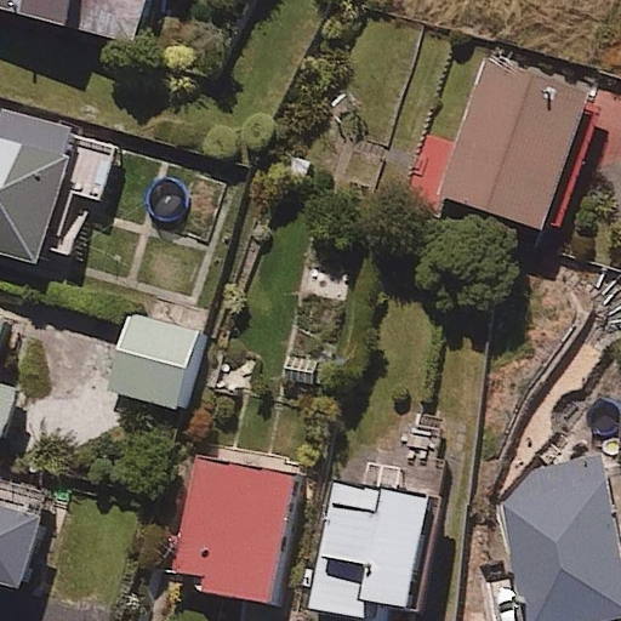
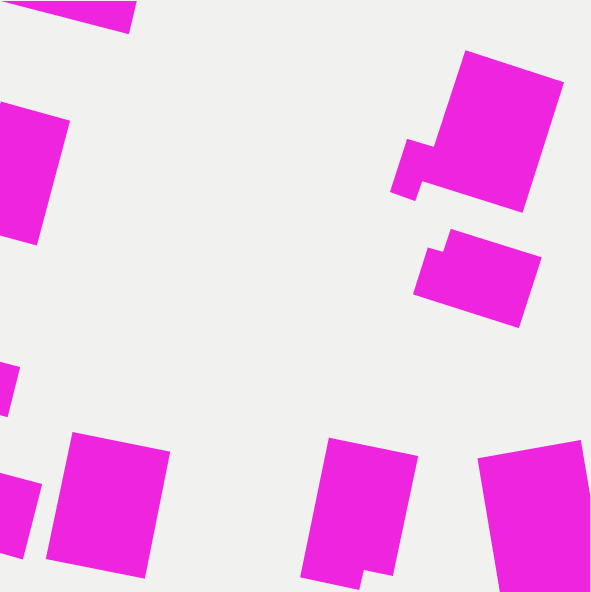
building: none -> [412,228,543,329]
building: [106,314,195,410] -> none
building: [167,456,298,610] -> [45,431,171,579]

